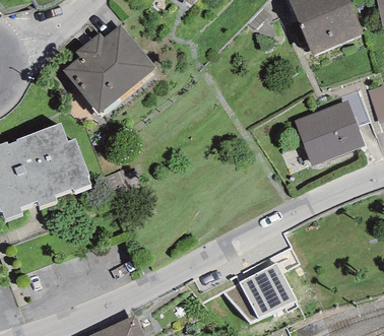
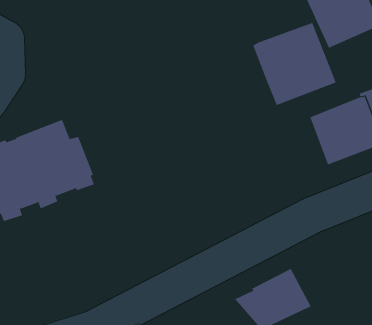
building: [62,25,154,115] -> none
building: none -> [253,22,336,106]

